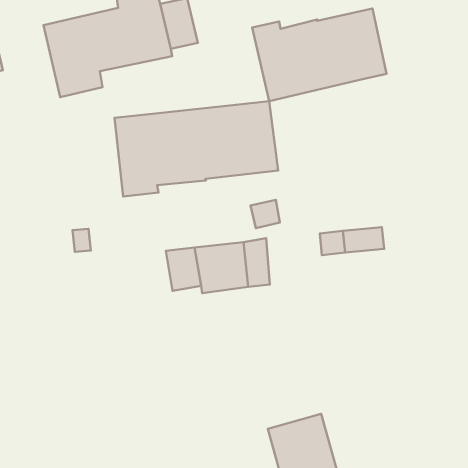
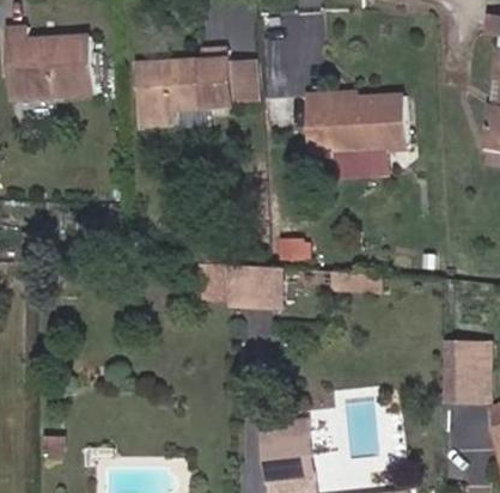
building: none -> [328,151,388,179]
building: [114,101,278,197] -> none

